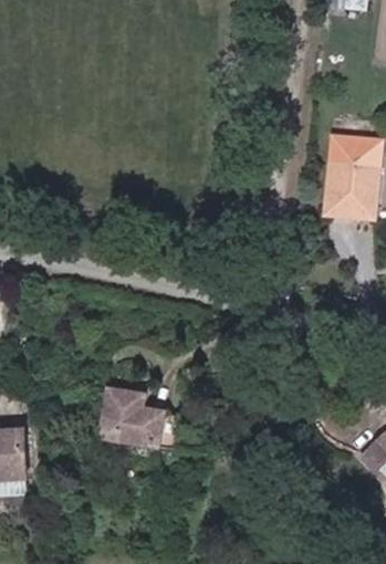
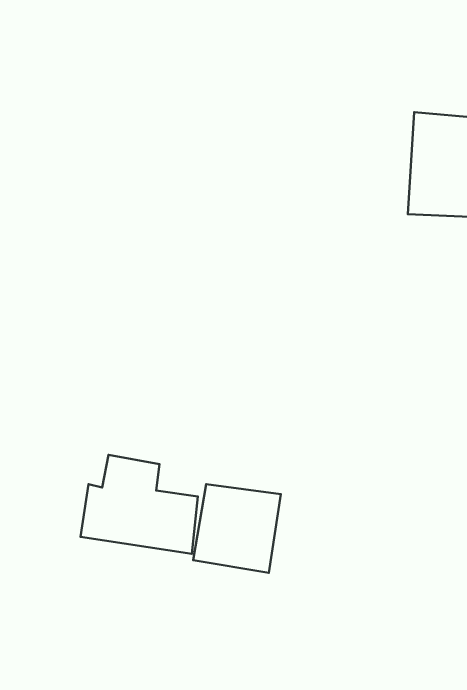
building: none -> [193,484,281,573]

